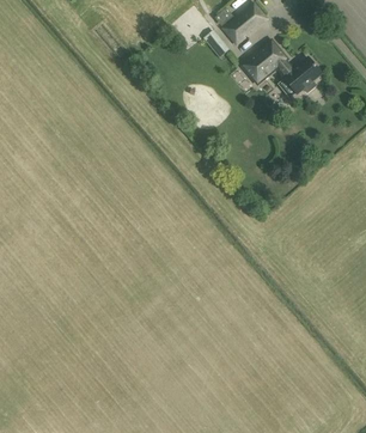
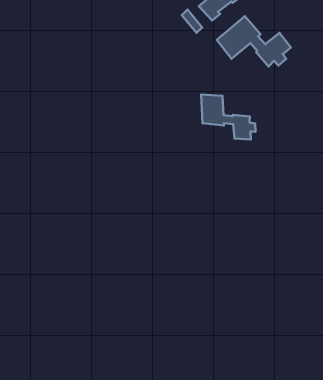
building: none -> [201,95,255,140]

